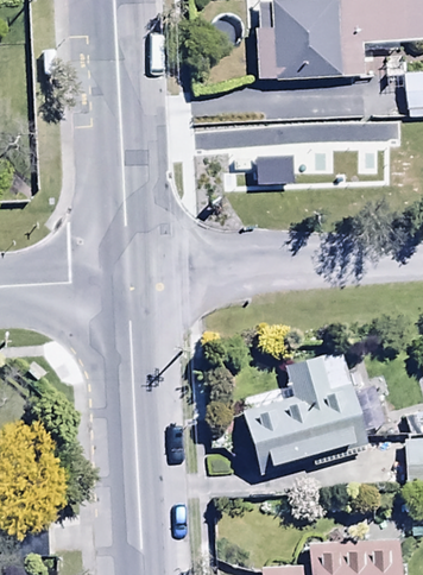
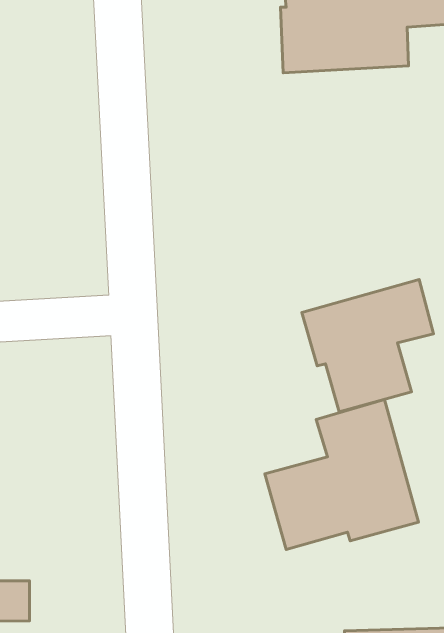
building: none -> [302,280,434,412]

